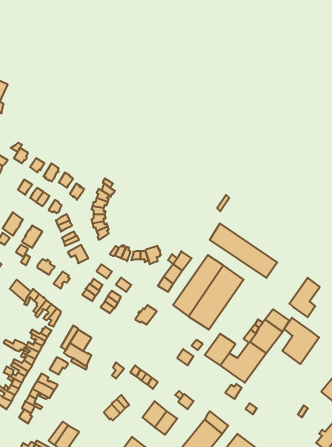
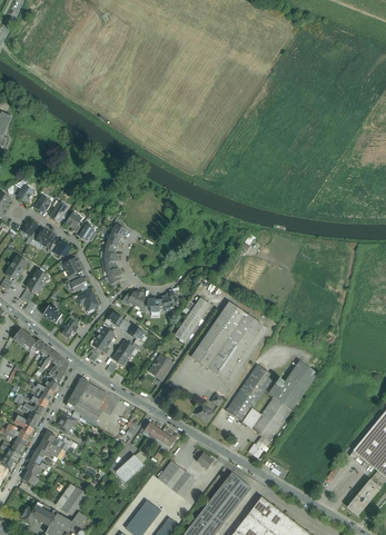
building: [210,223,277,278] -> none
building: [289,278,320,317] -> none
building: none -> [241,364,274,398]
building: [282,318,319,364] -> none

